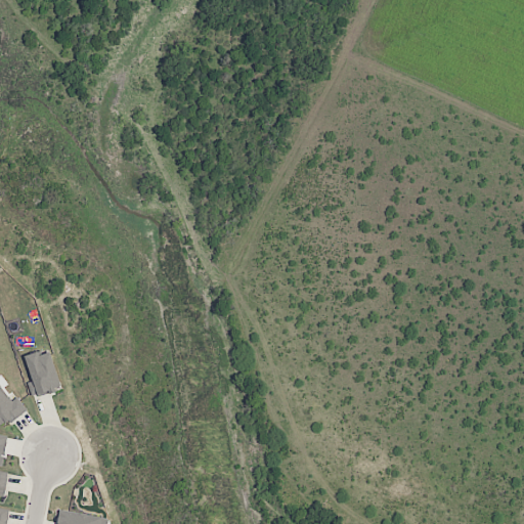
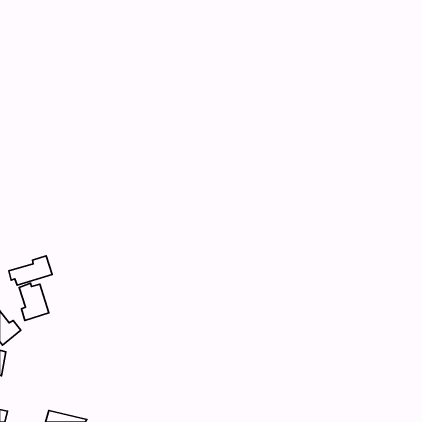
building: none -> [9,256,52,285]

